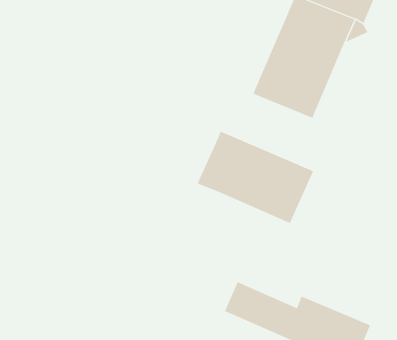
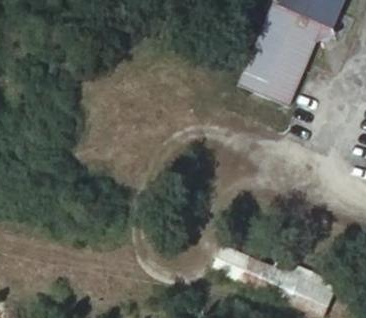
building: [197,131,314,224] -> none

